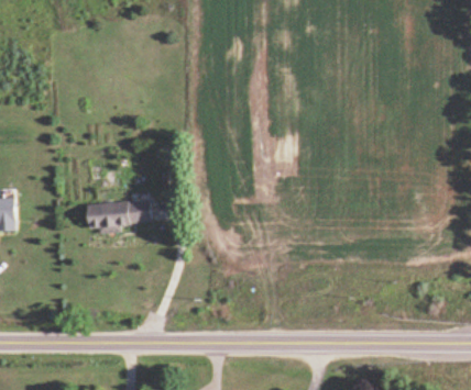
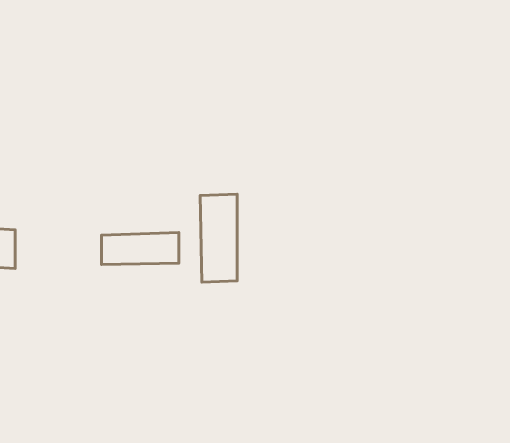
building: none -> [200,194,237,282]

